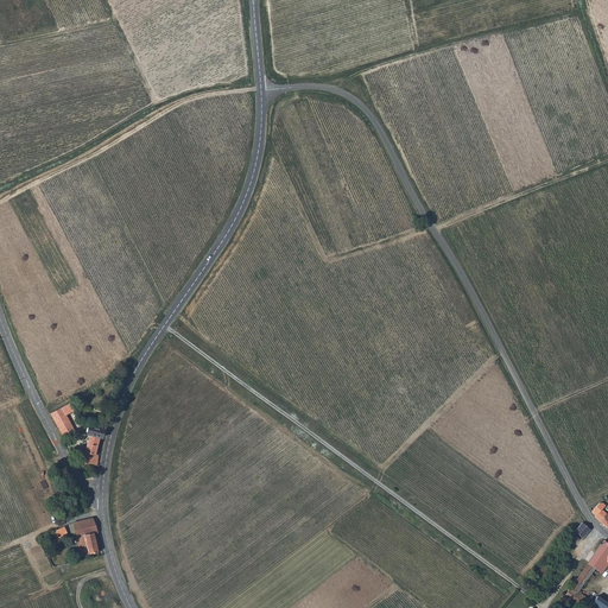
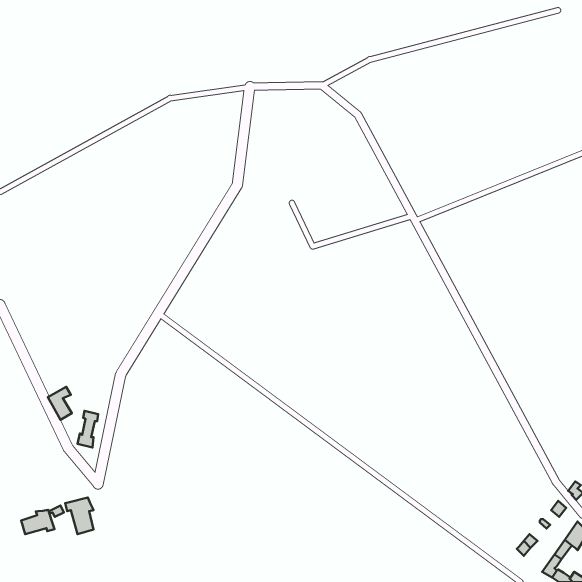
building: none -> [21,510,54,534]

